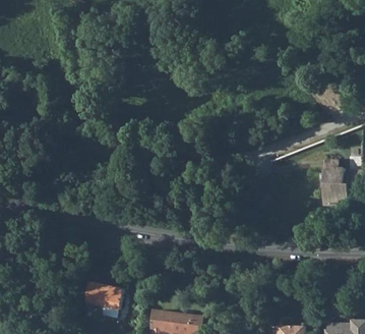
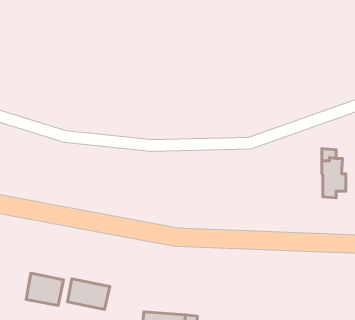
building: none -> [26,273,63,305]

